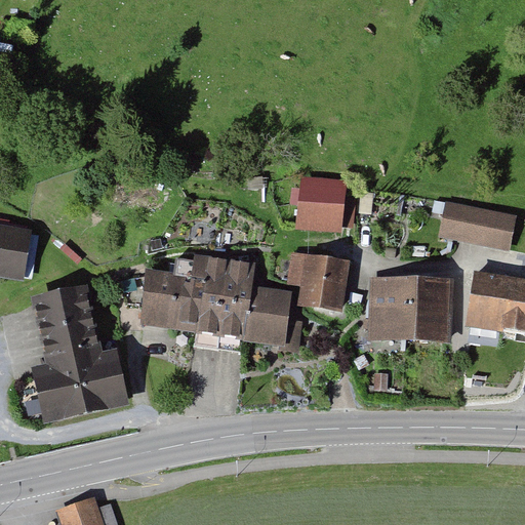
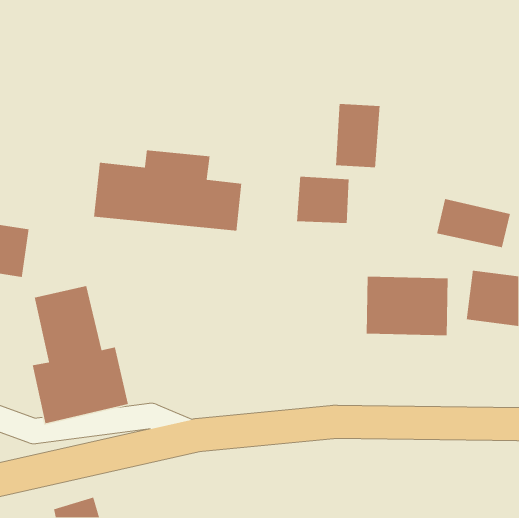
building: none -> [335,103,381,168]
building: [288,251,349,308] -> none
building: [139,257,289,339] -> [93,150,242,231]

